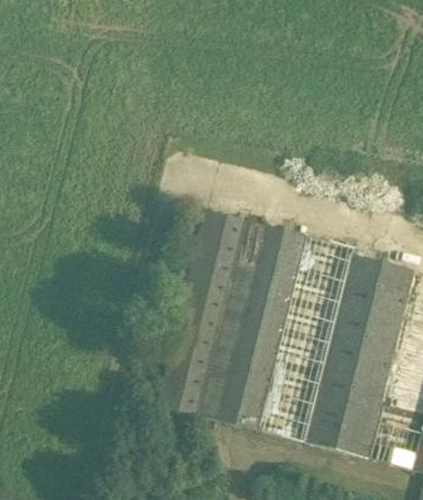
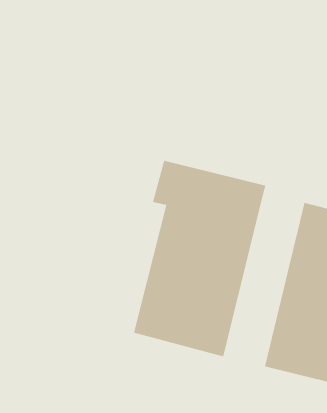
building: [261,243,352,441] -> none

